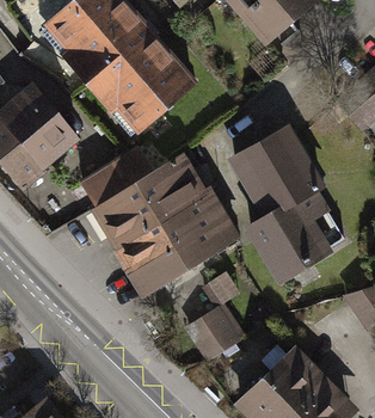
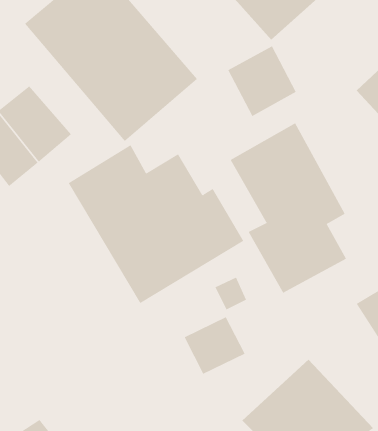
building: none -> [228,45,297,117]

